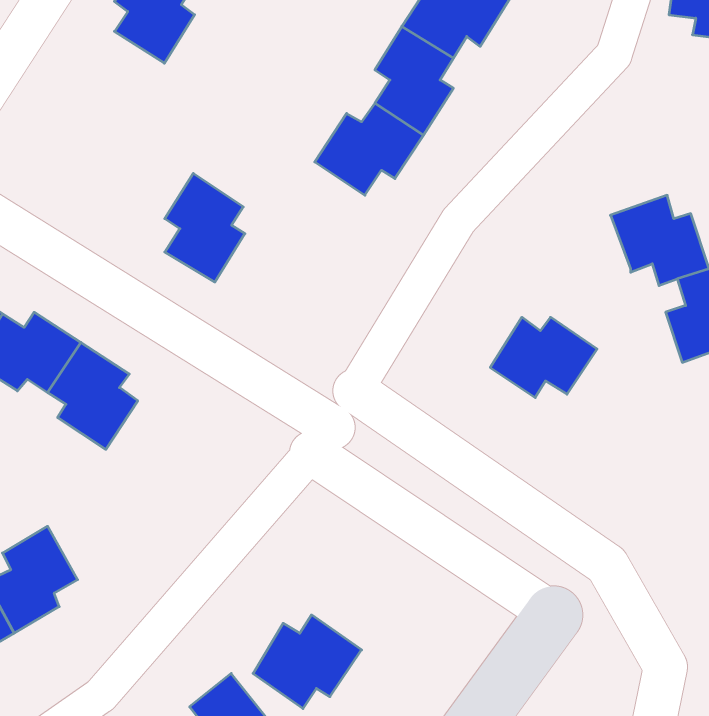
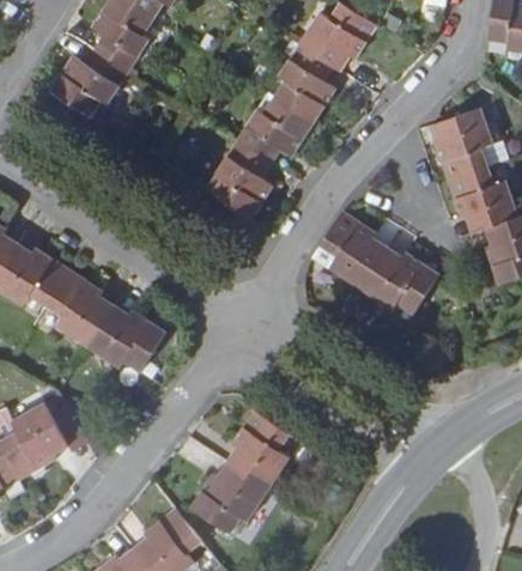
building: none -> [50,48,128,114]
building: none -> [436,109,494,180]
building: [165,173,245,282] -> [216,141,273,219]
building: none -> [321,212,384,288]
building: none -> [86,310,164,370]
building: none -> [232,411,292,491]

